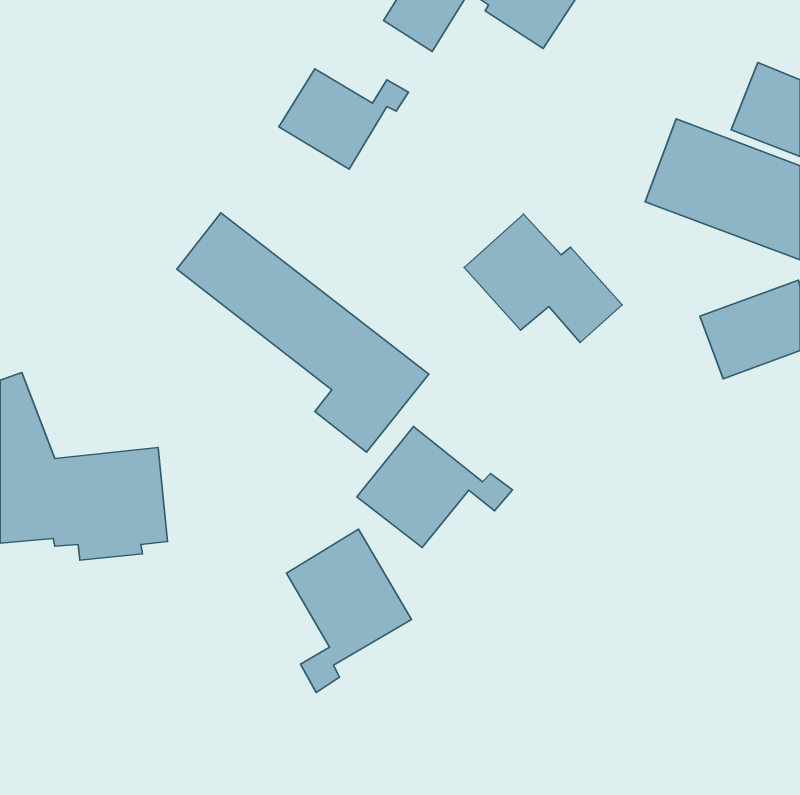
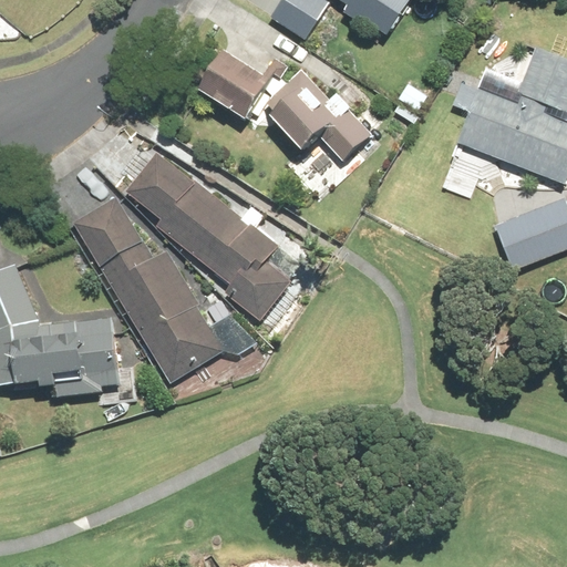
building: [464,214,622,343] -> [260,70,372,161]
building: none -> [72,196,224,383]
building: [357,427,513,548] -> none
building: [286,529,411,692] -> none

